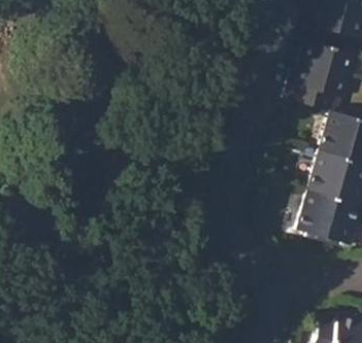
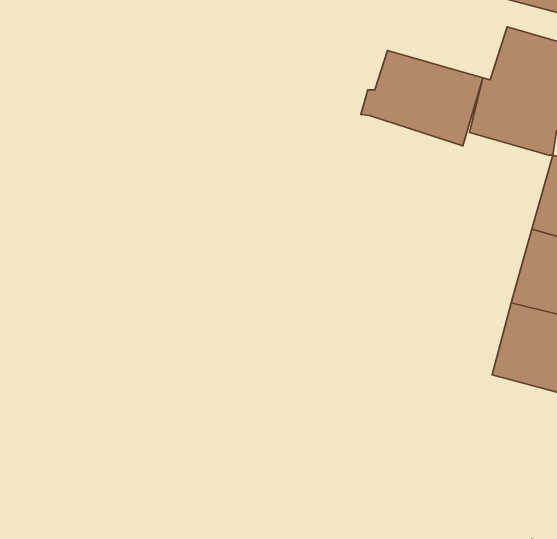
building: none -> [361,50,483,146]

